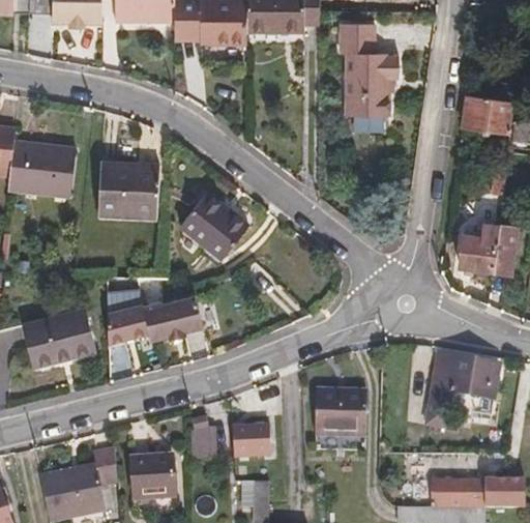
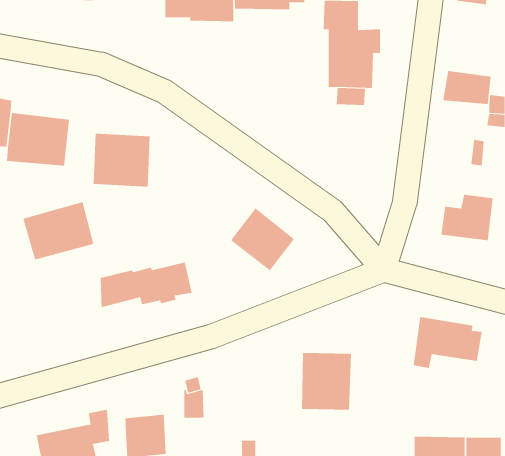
building: [180,192,247,258] -> [230,207,295,271]
building: [21,307,95,368] -> [22,201,94,260]
building: [232,427,268,460] -> none

